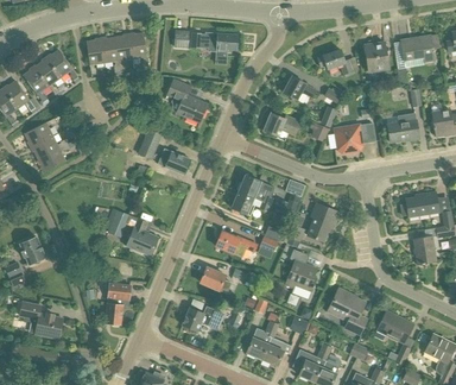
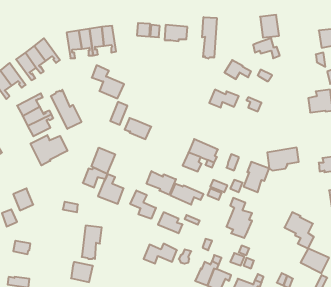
building: none -> [202,17,217,59]
building: [365,42,388,70] -> [260,15,279,38]
building: [166,80,207,121] -> [92,65,124,98]
building: none -> [51,90,81,129]
building: [336,122,375,151] -> [267,148,299,170]
building: none -> [31,135,67,165]
building: none -> [91,148,115,174]
building: none -> [147,171,176,195]
building: none -> [130,190,156,219]
building: [329,288,366,333] -> [284,212,314,248]
building: [34,314,62,339] -> [71,262,93,282]

